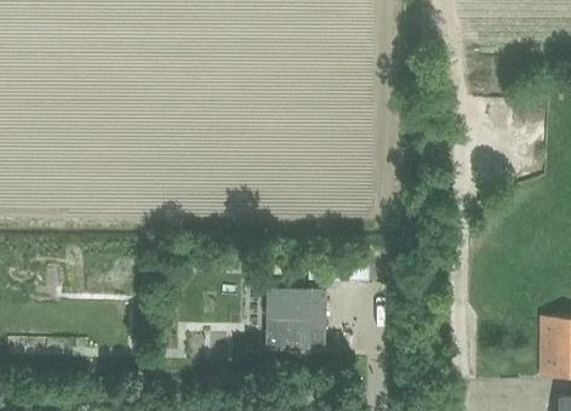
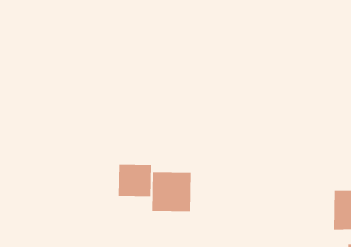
building: none -> [118,164,151,197]

